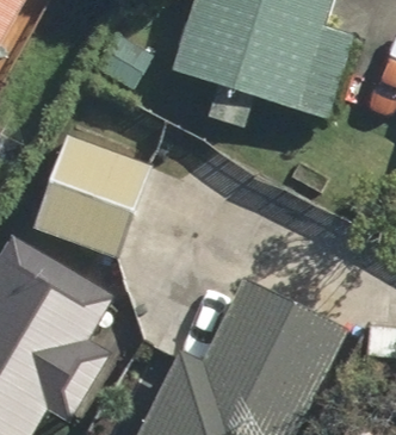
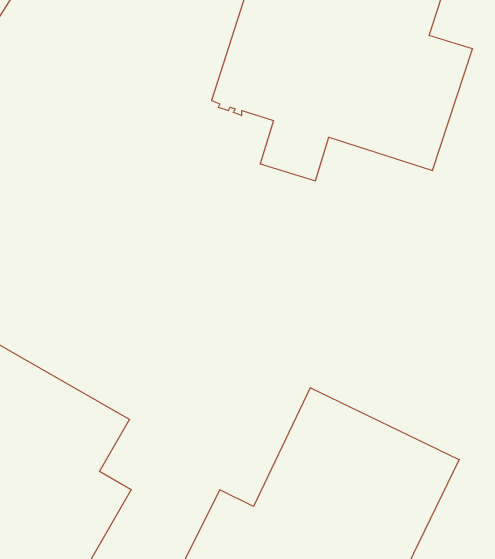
building: [27,129,153,262] -> none

